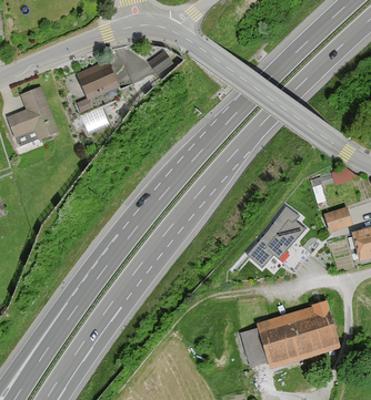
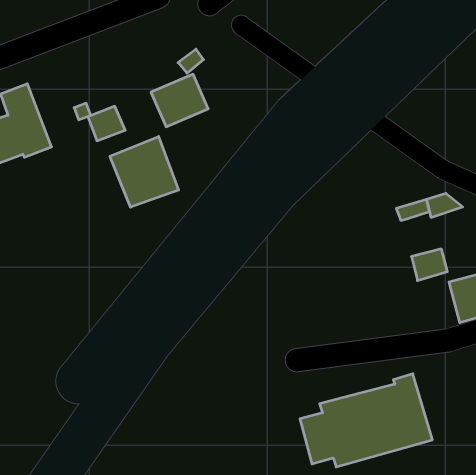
building: [73,61,116,100] -> [151,74,208,127]
building: none -> [110,136,179,207]
building: [243,205,302,267] -> none

